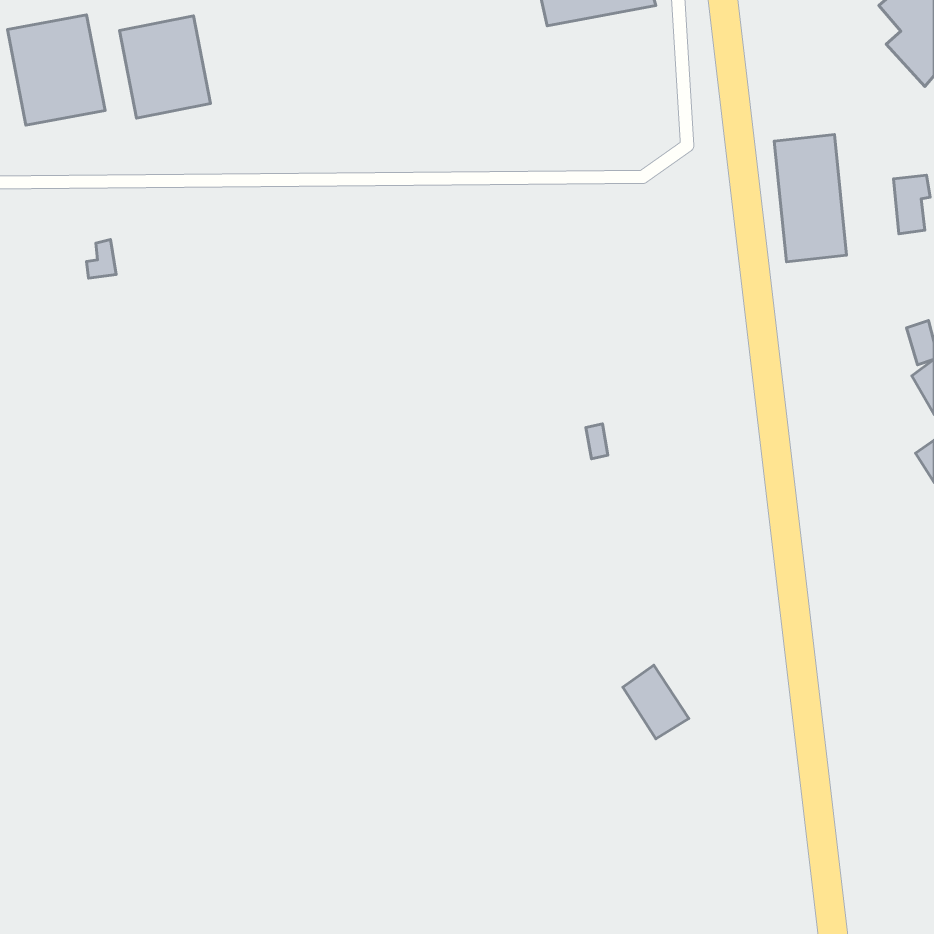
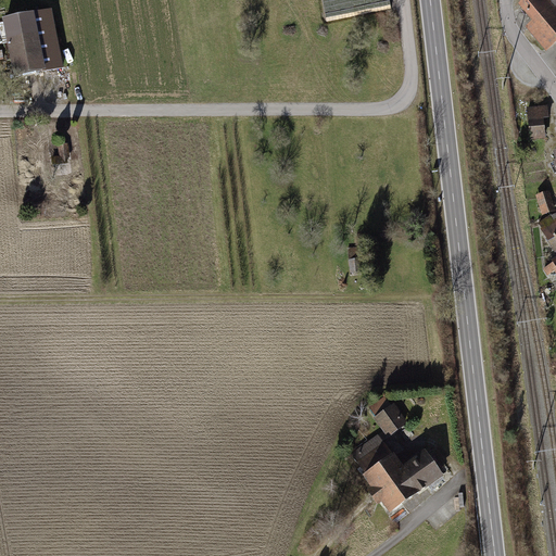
building: [120,16,210,118] -> none
building: [774,135,847,262] -> none
building: none -> [348,429,443,510]

